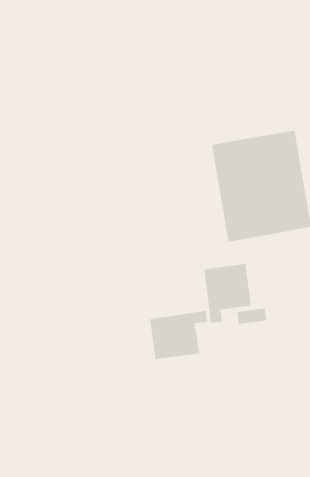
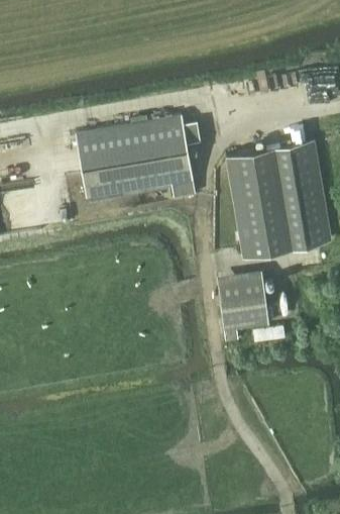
building: none -> [76,116,195,198]
building: [149,310,207,360] -> none

